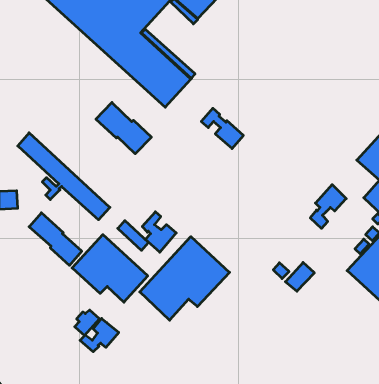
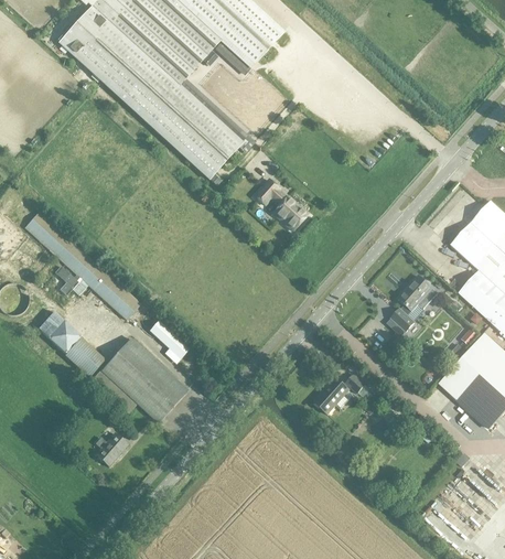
building: [96,102,151,154] -> none
building: [142,212,176,252] -> none
building: [140,237,230,320] -> none
building: [285,262,314,291] -> [313,377,350,413]
building: [80,318,119,352] -> none

